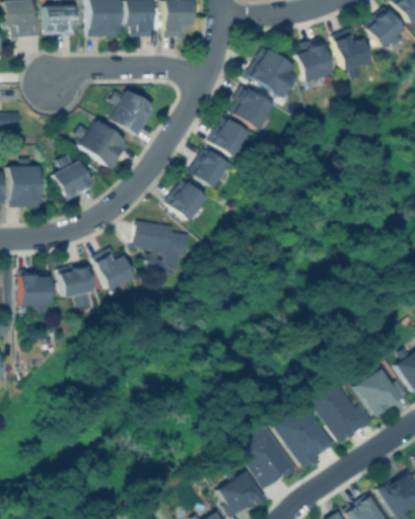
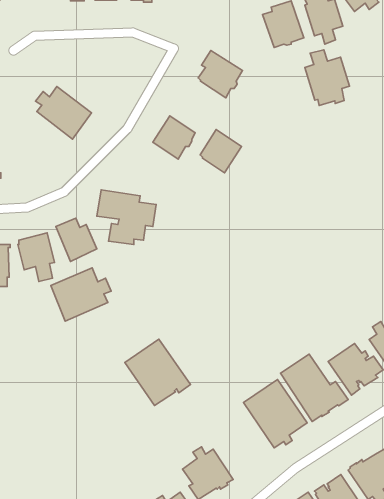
building: [249,48,296,98] -> none
building: none -> [305,50,350,105]
building: [109,91,156,138] -> none
building: [210,118,250,159] -> [200,130,241,173]
building: [52,155,93,202] -> none
building: [166,178,207,220] -> none
building: none -> [51,268,111,321]
building: [237,425,300,489] -> [125,339,190,406]

